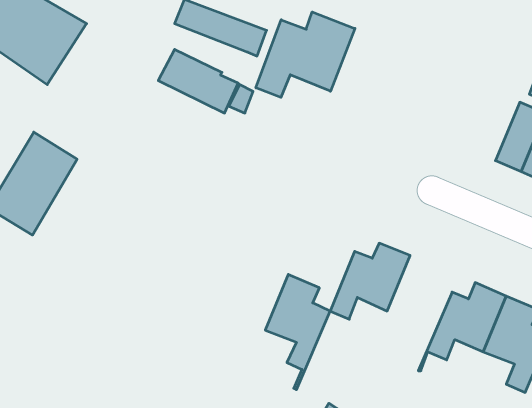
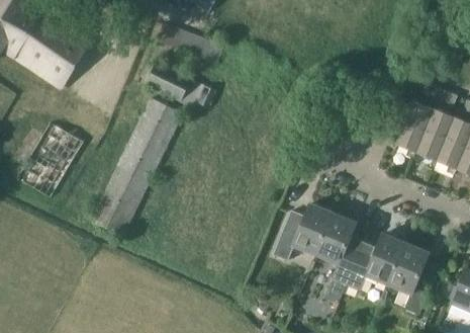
building: [256,12,355,97] -> none
building: none -> [91,98,183,237]
building: [265,274,330,390] -> [315,214,364,300]

